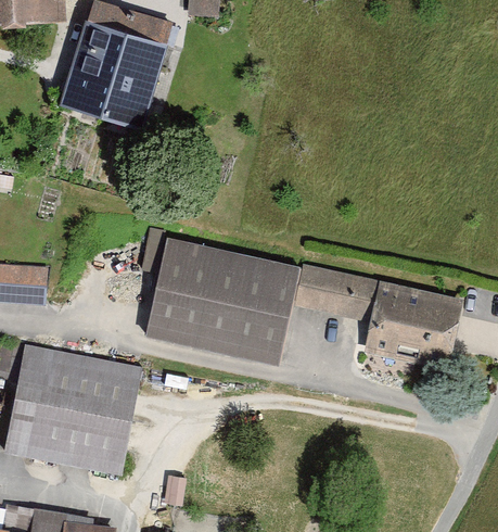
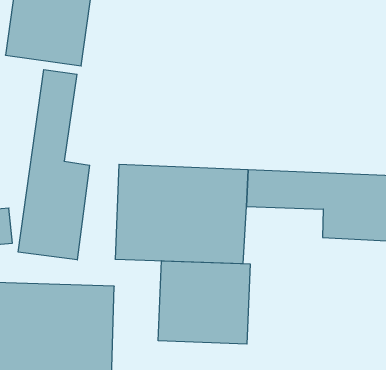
building: none -> [18,70,90,260]
building: none -> [158,261,250,344]

